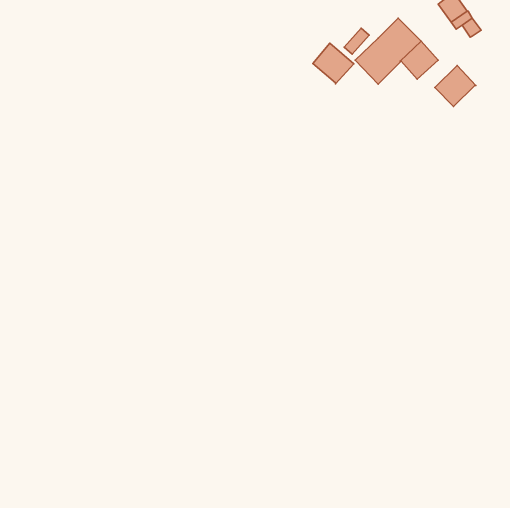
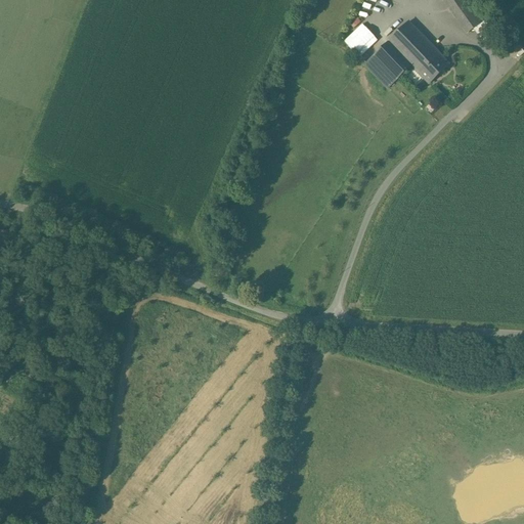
building: [313,43,354,84] -> none
building: [435,65,476,106] -> none

